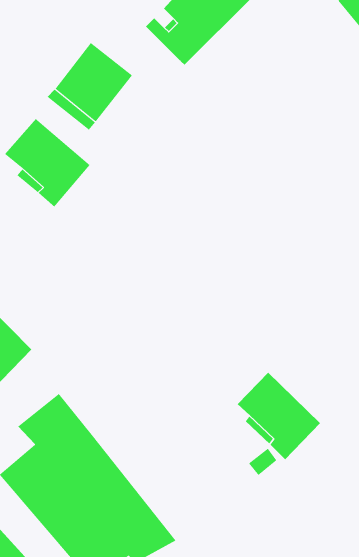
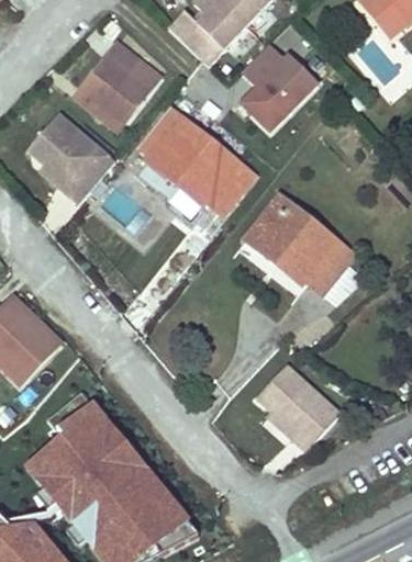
building: none -> [242,42,321,130]
building: none -> [144,116,254,216]
building: none -> [244,195,353,296]

